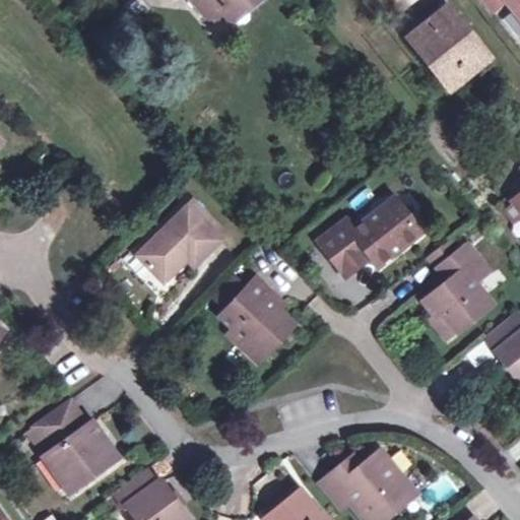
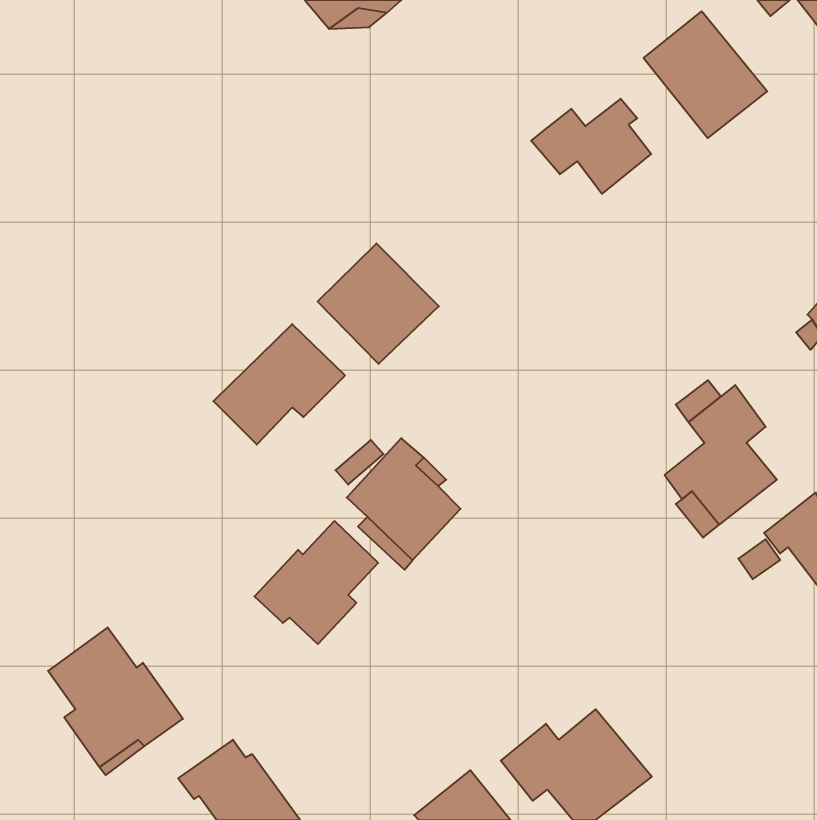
building: none -> [531,99,651,194]
building: none -> [318,243,439,364]
building: [322,198,419,275] -> none
building: none -> [254,521,378,644]

